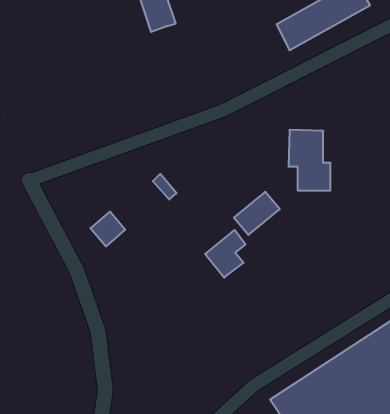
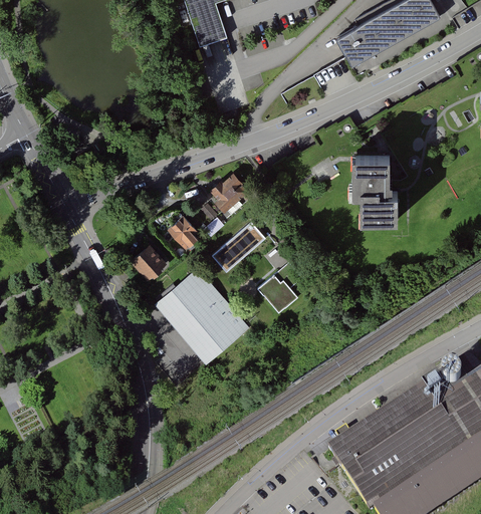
building: none -> [214,172,253,215]
building: none -> [170,214,204,249]
building: [234,192,280,235] -> [210,227,260,274]
building: none -> [162,269,247,358]

